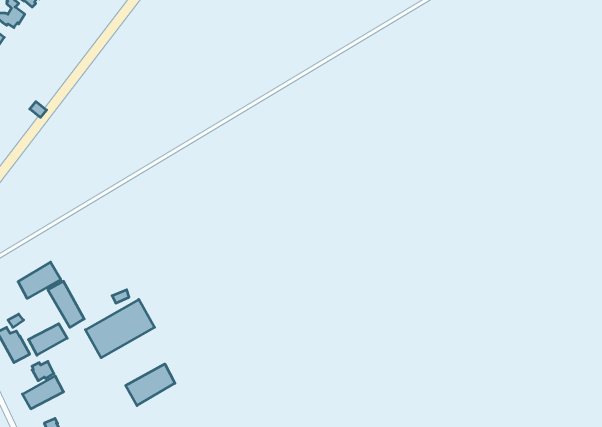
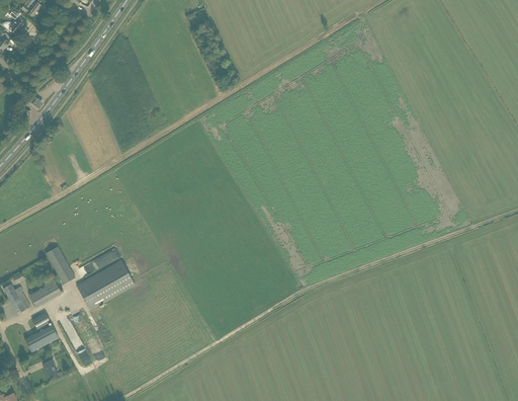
building: [18,262,61,298] -> none
building: [126,364,175,406] -> none

